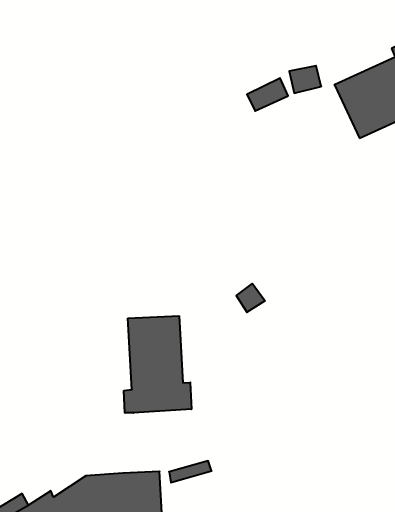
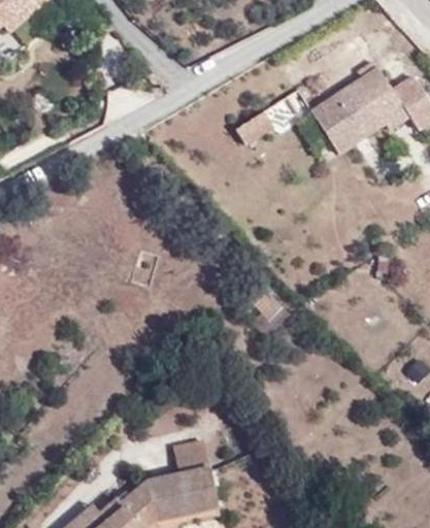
building: [124,316,191,413] -> none
building: none -> [172,441,209,475]

